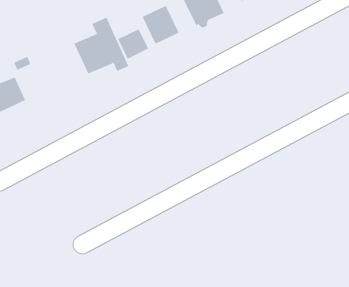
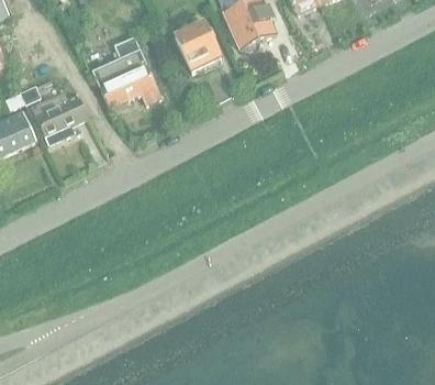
building: [117,29,149,59] -> none
building: none -> [31,94,89,146]

